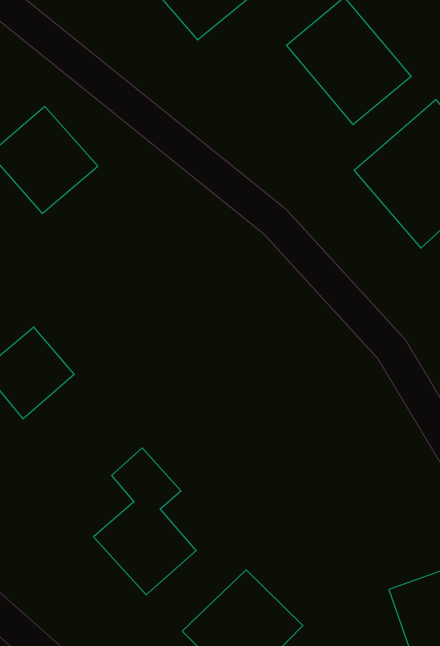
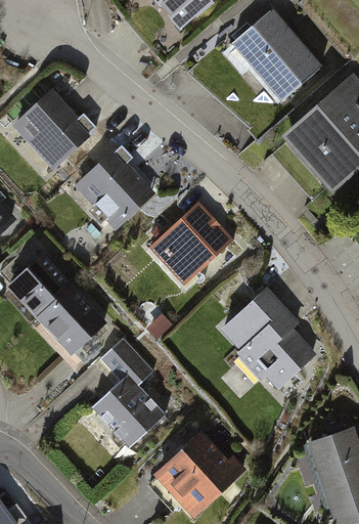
building: none -> [76,147,155,227]
building: none -> [149,202,236,286]
building: none -> [37,286,105,353]
building: none -> [214,287,318,393]

